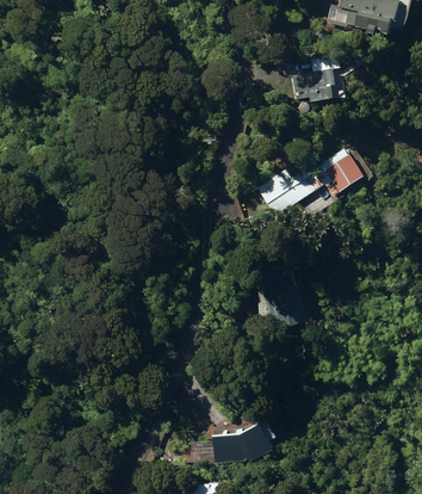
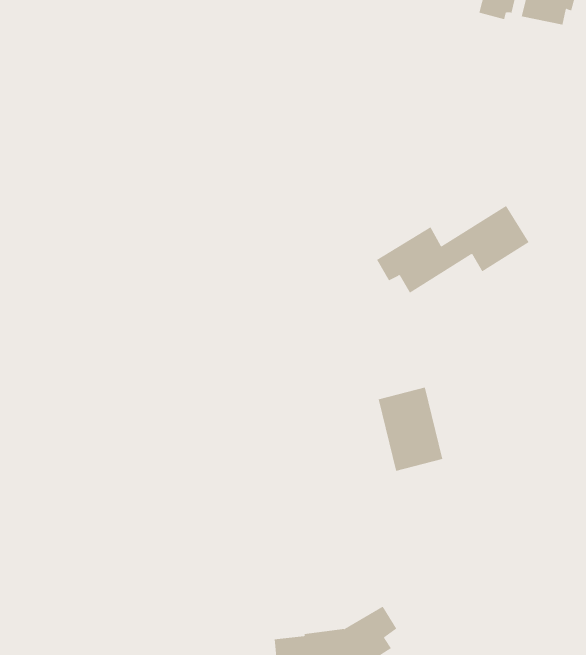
building: [291,69,335,101] -> none

